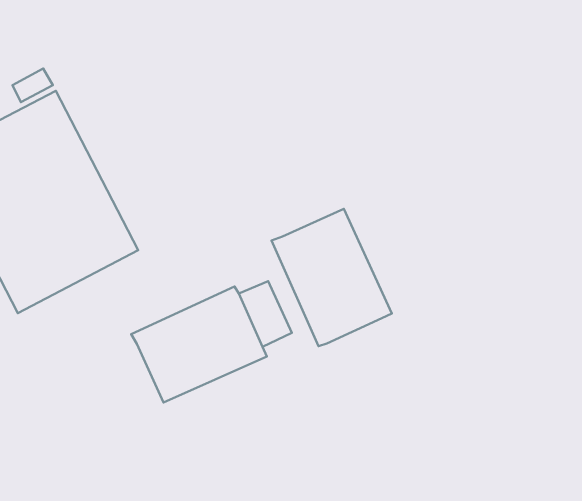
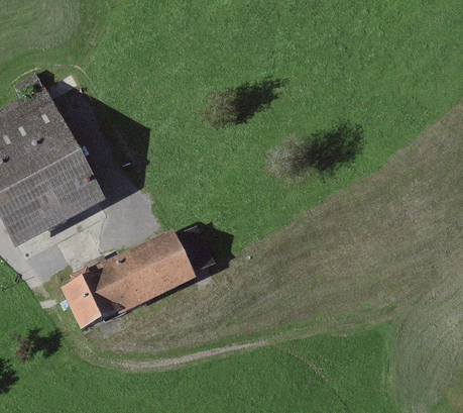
building: [271,209,392,346] -> none
building: none -> [61,266,121,330]

